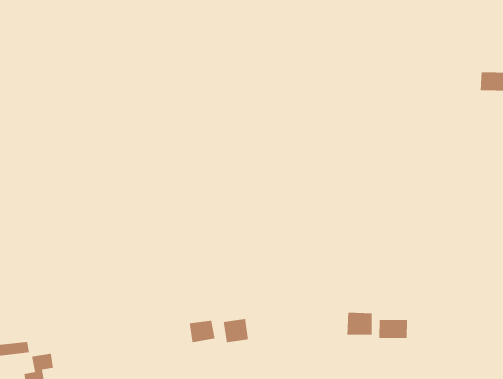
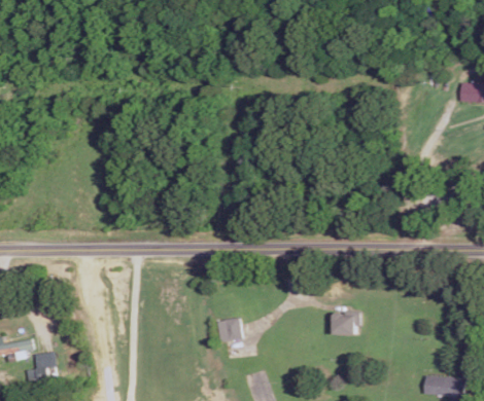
building: [379,319,408,339] -> none
building: [189,320,216,343] -> none

